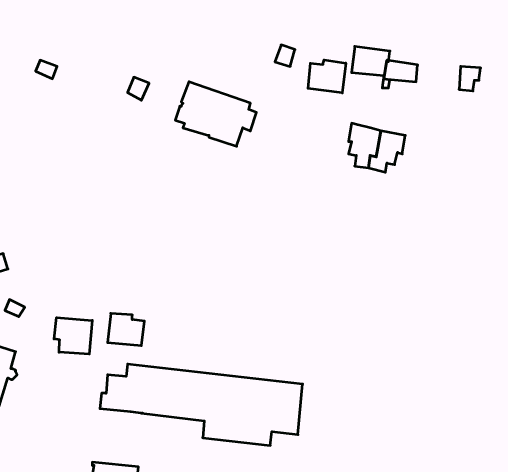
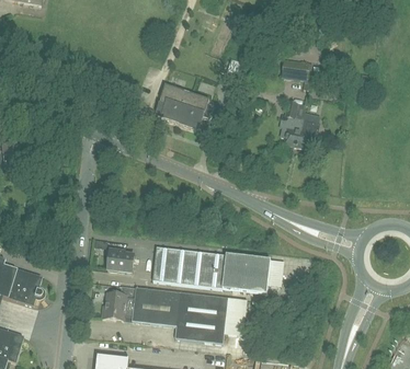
building: [308,60,346,93] -> none
building: none -> [151,246,283,292]
building: [54,318,92,354] -> none

